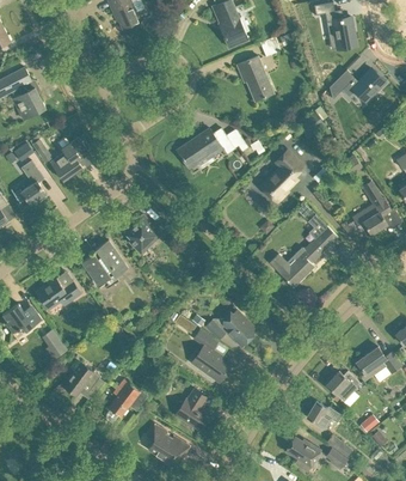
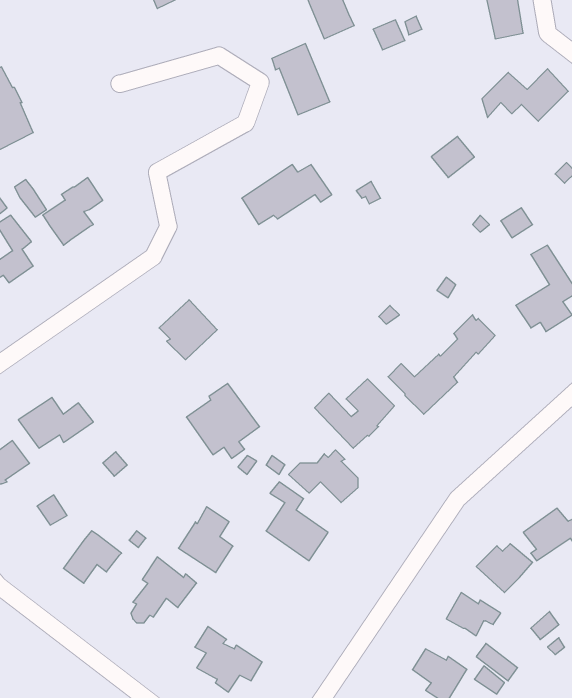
building: [236,55,273,101] -> [272,44,330,115]
building: [260,151,303,202] -> none
building: [81,239,128,287] -> [186,383,260,458]
building: none -> [315,379,394,448]
building: [176,388,210,430] -> [178,507,233,573]

